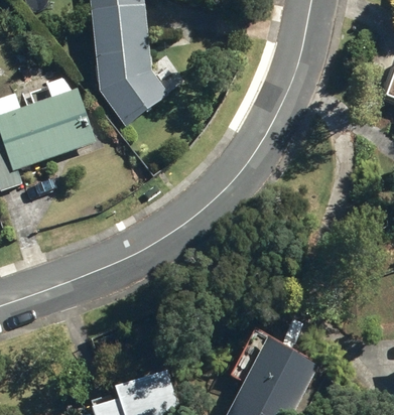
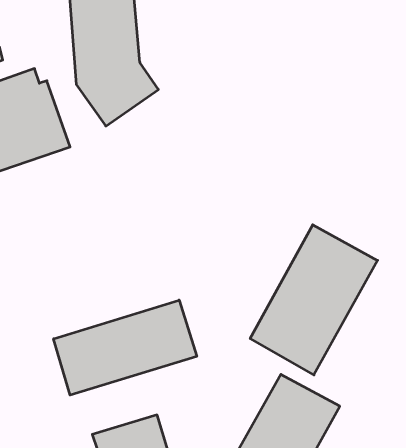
building: none -> [250,225,378,375]
building: none -> [54,300,197,395]

